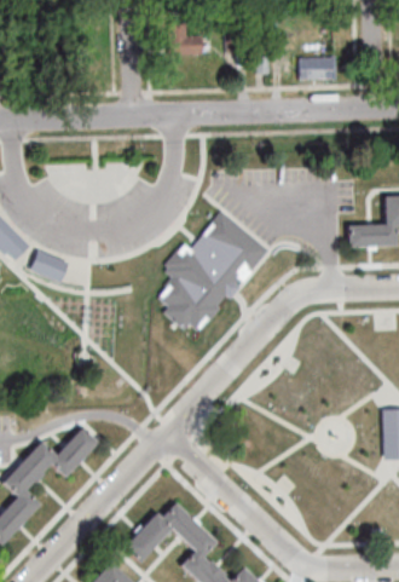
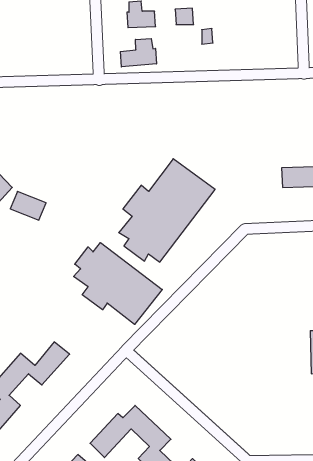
building: [296,58,334,82] -> none
building: none -> [120,39,156,67]
building: none -> [74,243,162,324]

